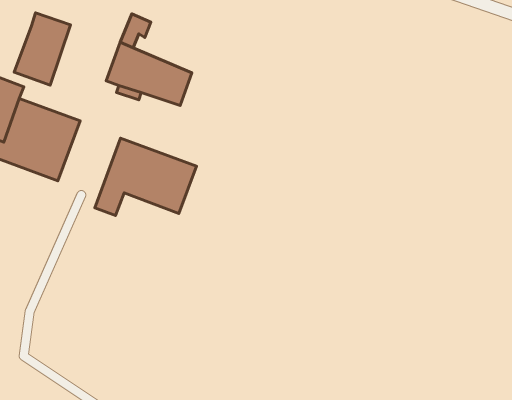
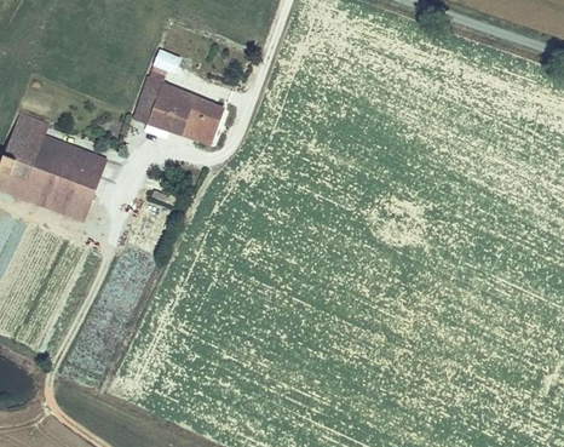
building: [14,13,70,85] -> none
building: [95,138,196,216] -> none

